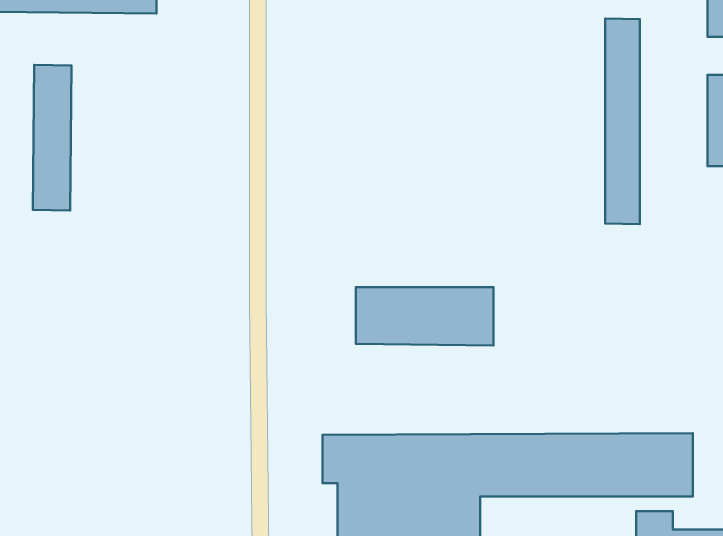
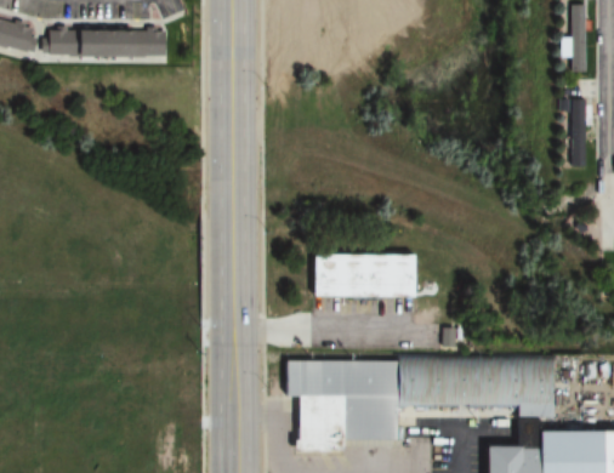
building: [605,19,640,224] -> none
building: [33,65,72,210] -> none

